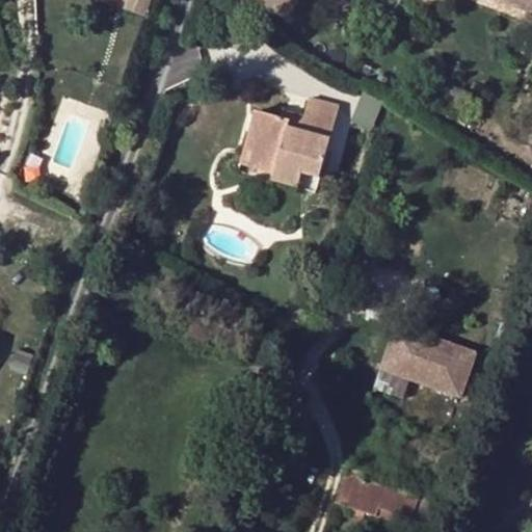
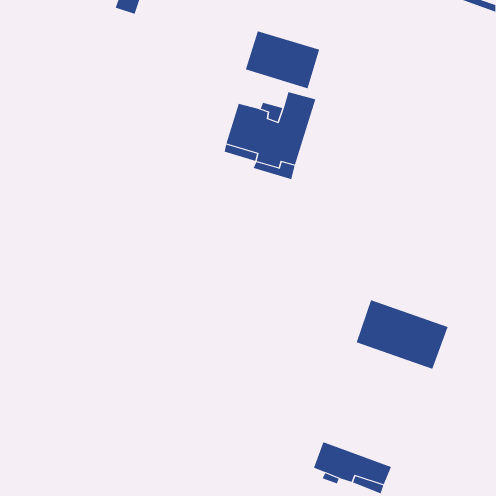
building: none -> [245,30,320,89]

